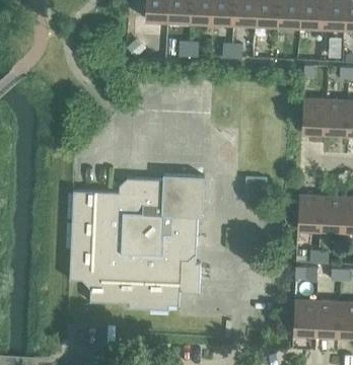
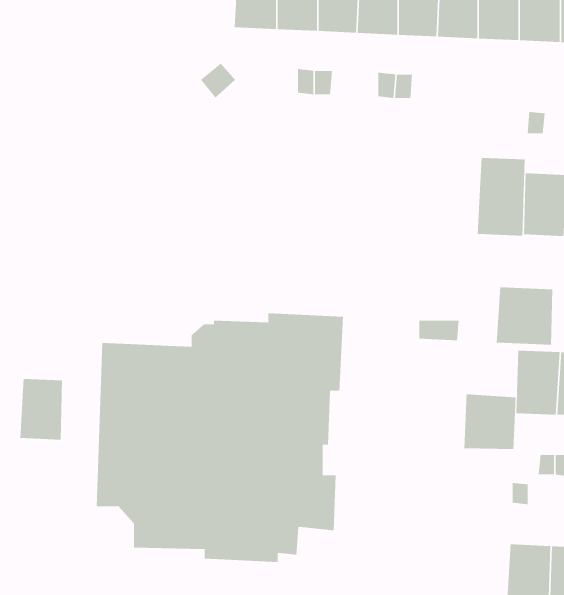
building: none -> [477,157,525,236]
building: none -> [496,287,553,346]
building: none -> [20,378,63,440]
building: none -> [464,394,516,450]

